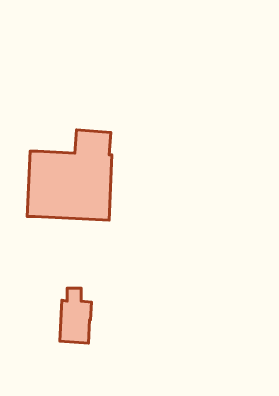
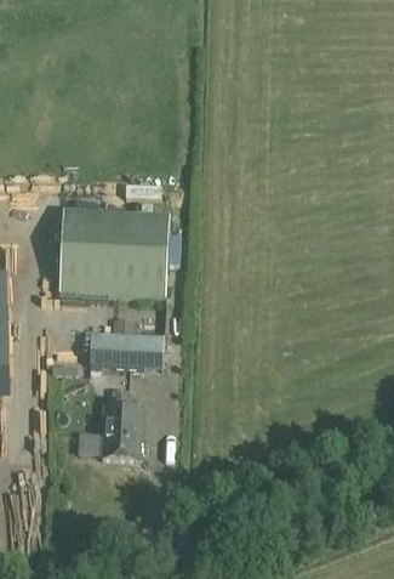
building: none -> [91,328,165,364]

